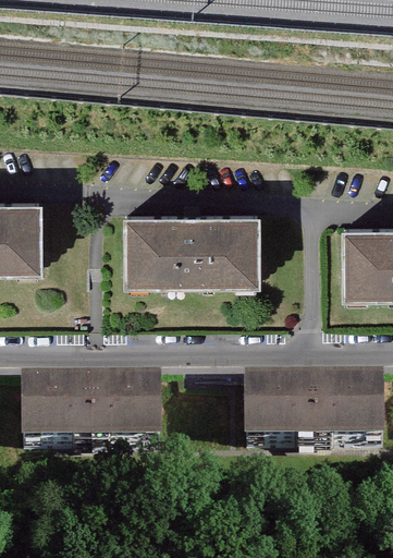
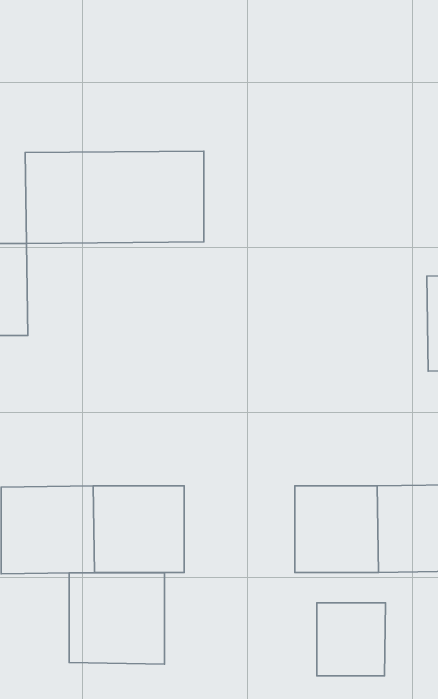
building: [123,211,260,282] -> [25,151,204,243]
building: none -> [69,573,164,664]
building: none -> [317,603,386,676]

